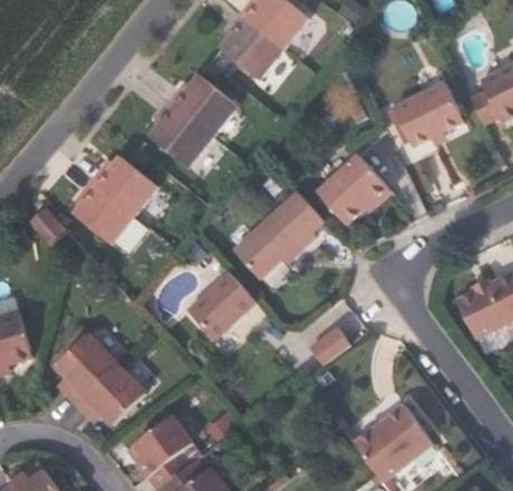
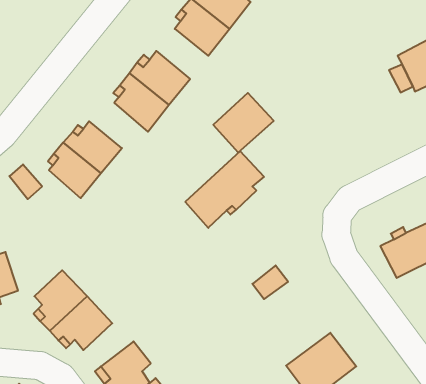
building: [391,82,462,148] -> none
building: [316,156,386,225] -> [213,93,274,153]
building: [187,273,255,341] -> none

